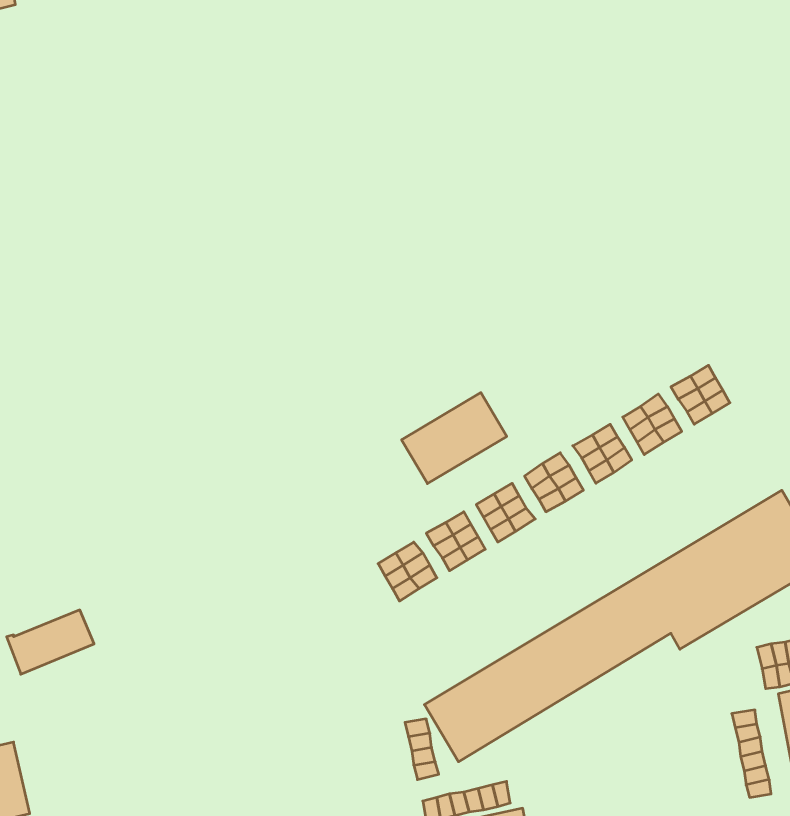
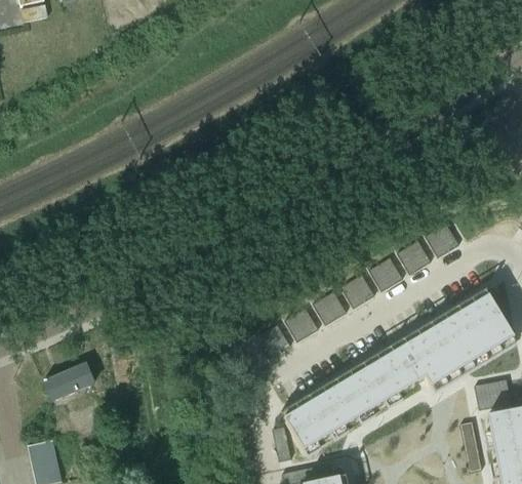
building: [402,393,507,484] -> none

